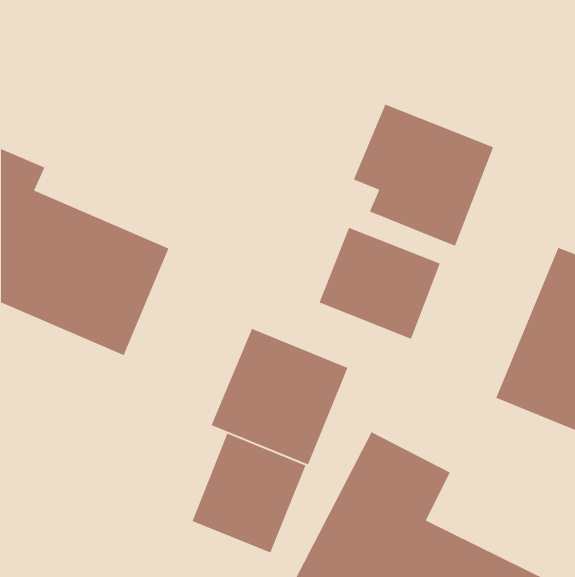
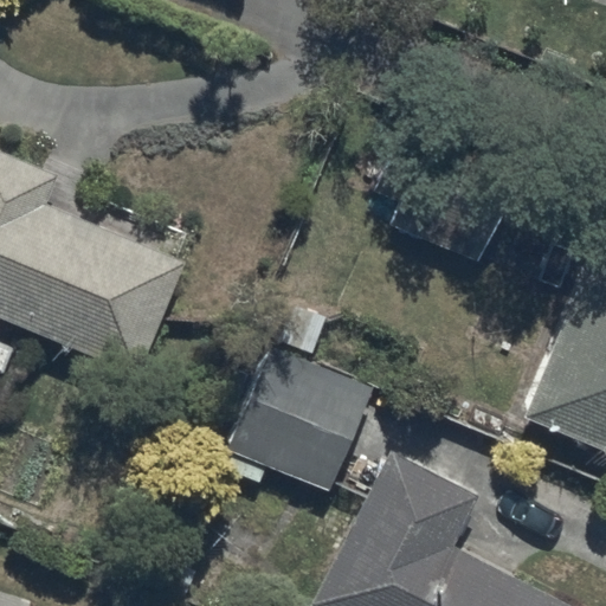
building: [318,227,441,340] -> none
building: [192,433,307,553] -> none

